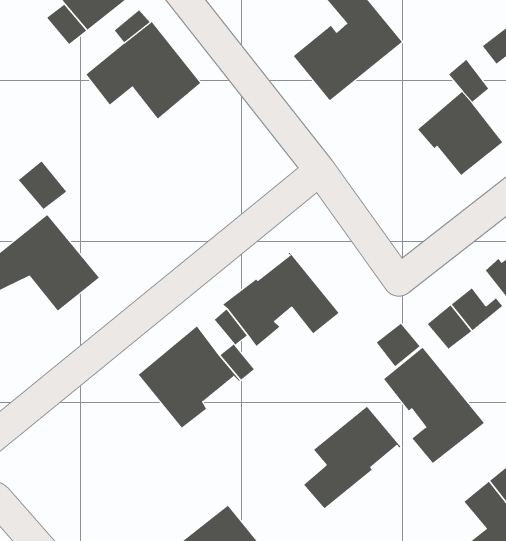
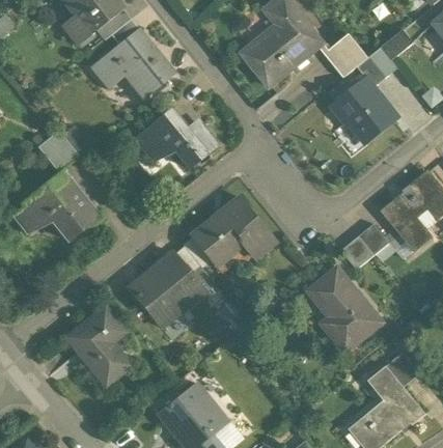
building: none -> [326,33,367,75]
building: none -> [133,107,219,168]
building: [376,323,420,367] -> none
building: none -> [64,306,130,386]
building: [303,406,402,509] -> none

